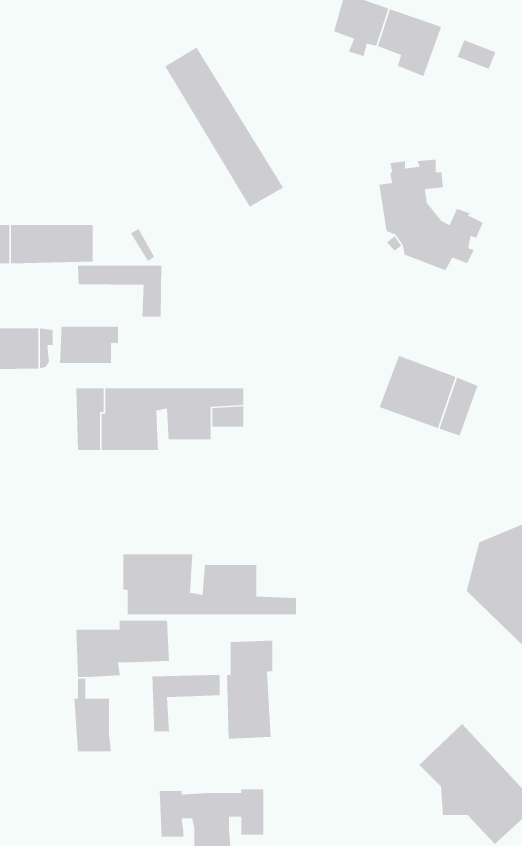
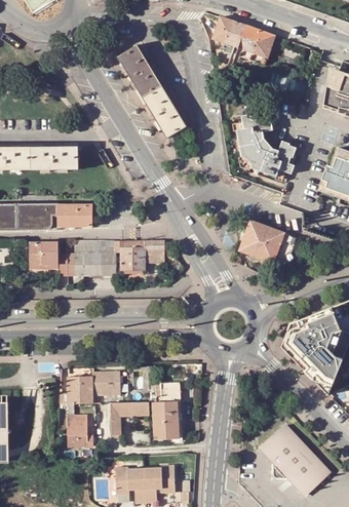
building: [77,265,162,318] -> none
building: none -> [30,239,69,275]
building: [122,554,297,615] -> none

